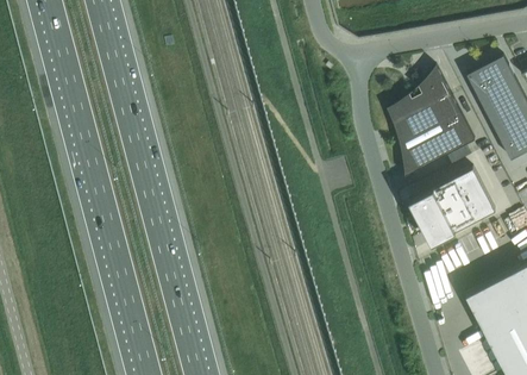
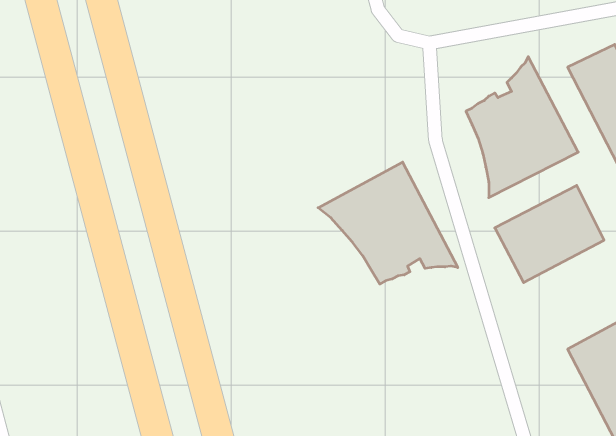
building: none -> [318,162,458,284]

